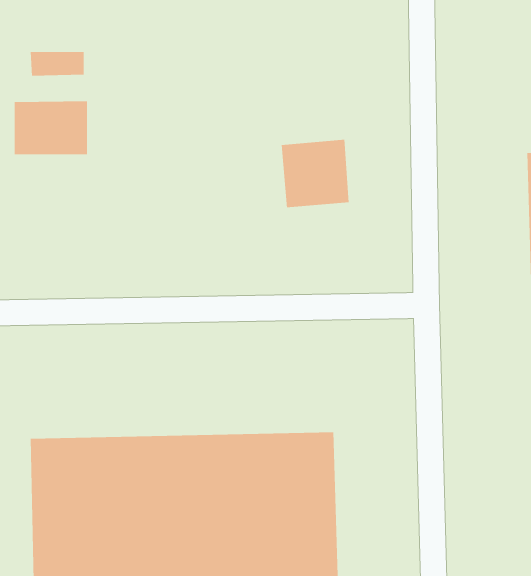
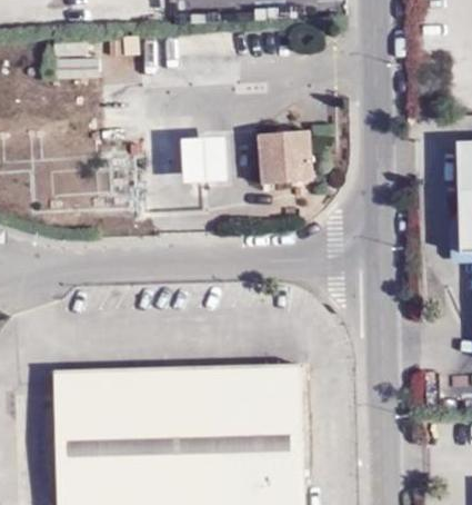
building: [14,100,88,155] -> none
building: none -> [181,135,229,182]

